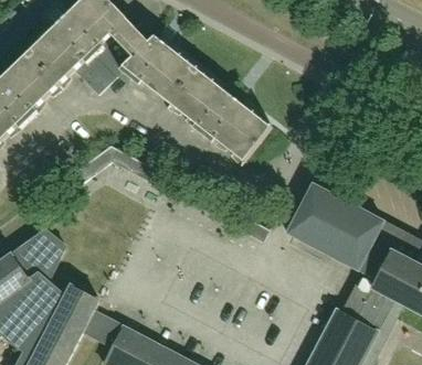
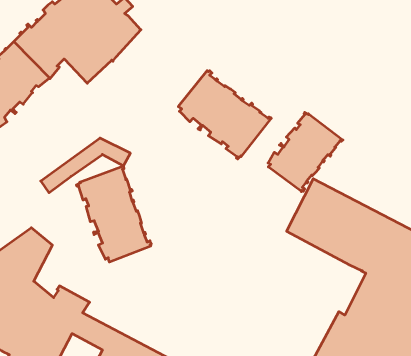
building: [126,35,212,115] -> none
building: none -> [268,112,343,192]
building: none -> [76,166,151,262]

